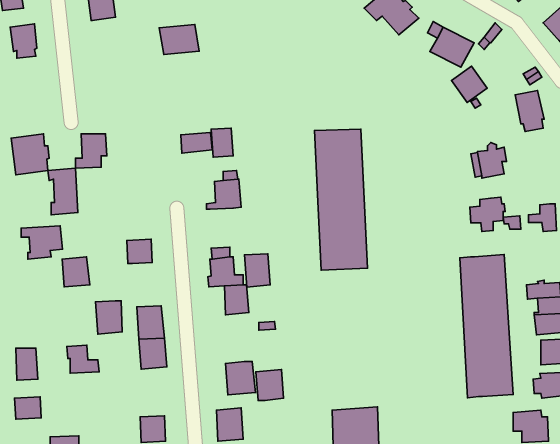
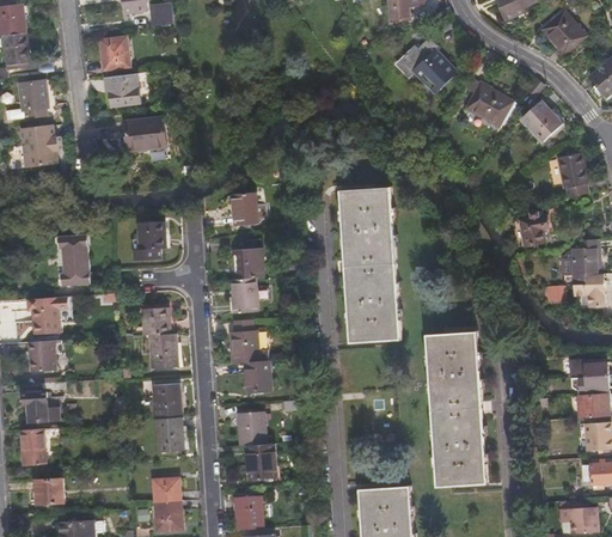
building: none -> [103,72,133,105]
building: [159,24,199,54] -> [122,116,165,148]
building: [452,66,487,103] -> [521,100,559,140]
building: [181,132,212,153] -> none
building: [11,134,49,175] -> [19,122,60,166]
building: [76,134,107,168] -> [131,225,165,262]
building: [470,197,505,232] -> [559,248,598,285]
building: [245,254,270,287] -> [230,277,257,313]
building: [460,254,513,398] -> [428,336,485,490]
building: [62,257,90,287] -> [26,346,56,378]
building: [95,301,122,334] -> [146,336,175,372]
building: [67,345,99,373] -> [20,391,55,421]
building: [256,369,284,401] -> [237,411,267,445]
building: none -> [153,476,180,502]

